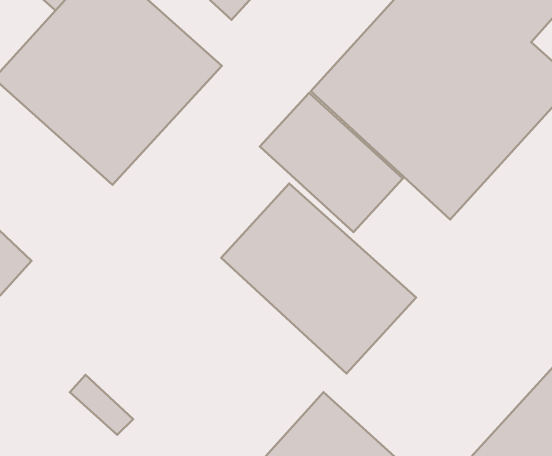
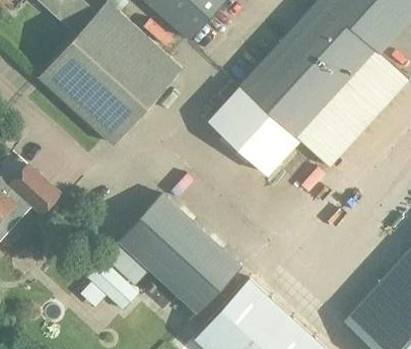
building: [221,183,416,374] -> [117,193,242,315]

